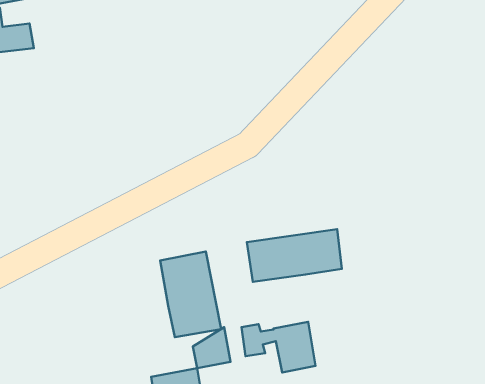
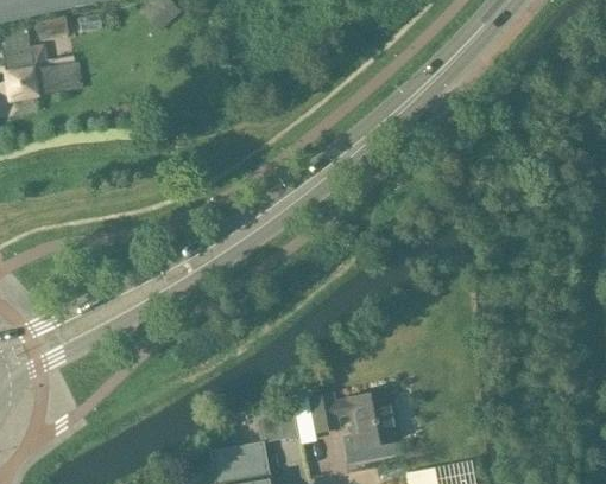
building: [247,229,342,282] -> none
building: [160,252,221,337] -> none

